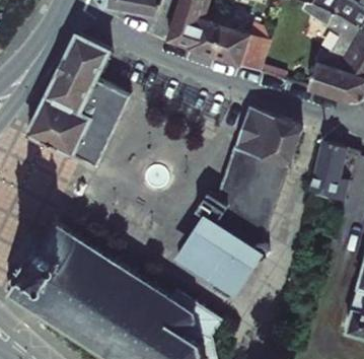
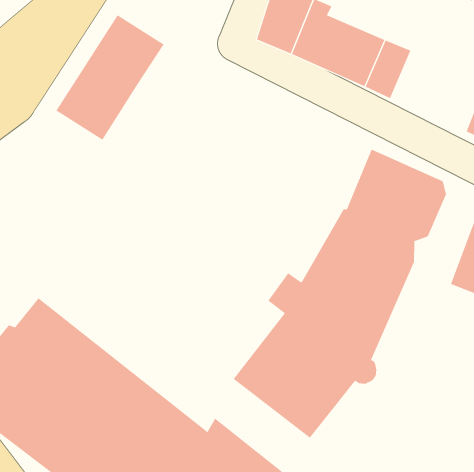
building: [26,78,127,165] -> none

